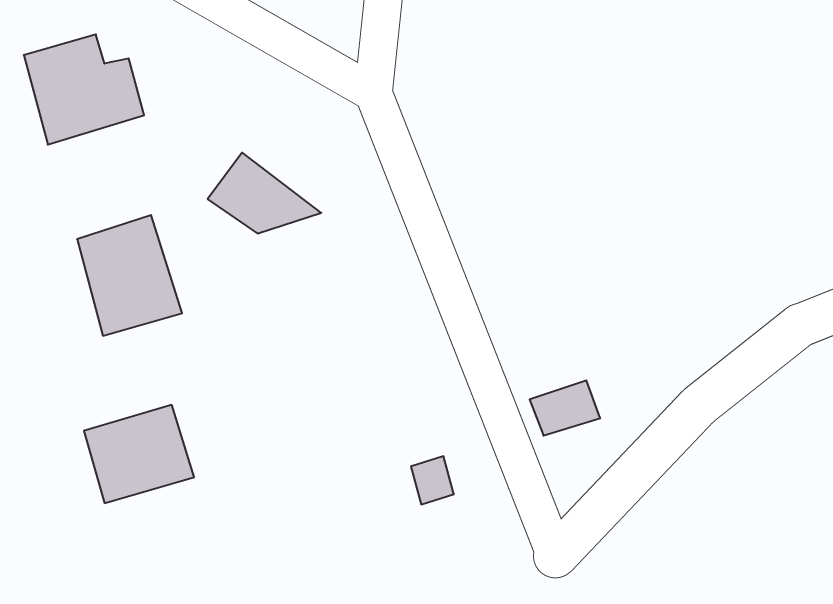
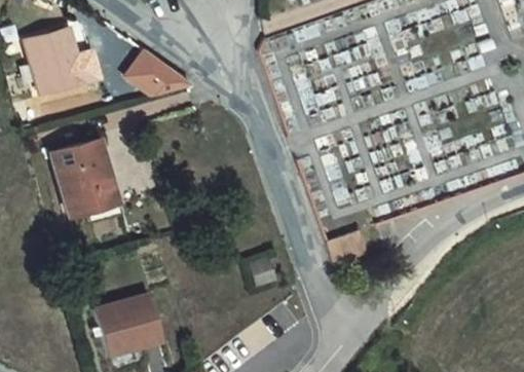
building: [208,153,321,233] -> [119,44,187,92]
building: [84,405,194,503] -> [98,296,163,355]

